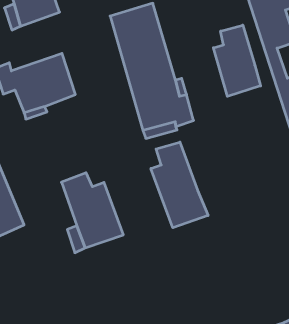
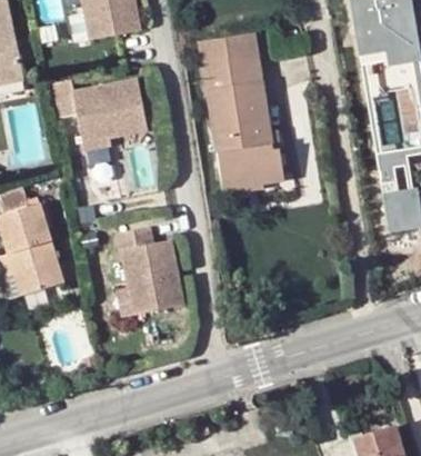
building: [213,25,261,96] -> none
building: [151,142,208,228] -> none

